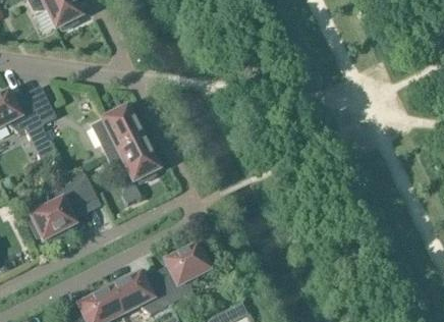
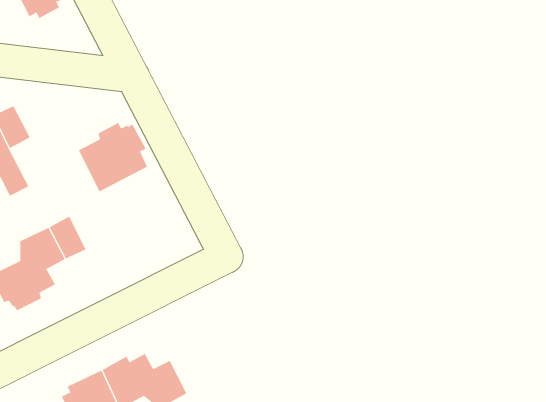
building: [107,138,162,182] -> none
building: [159,242,211,303] -> none

